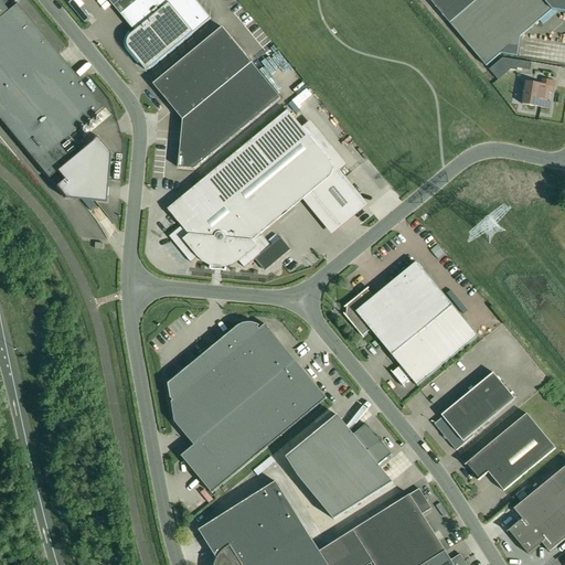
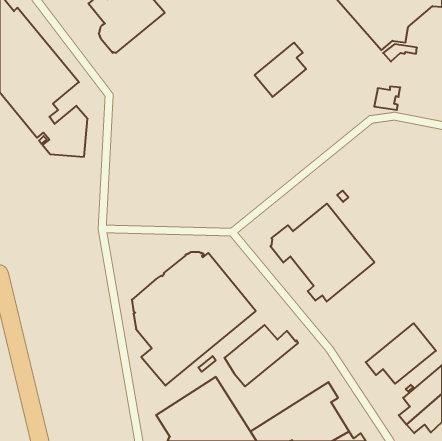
building: [152,25,279,167] -> none
building: none -> [255,43,306,97]
building: [521,77,554,107] -> [374,87,400,110]
building: [167,108,365,268] -> none
building: [434,371,514,448] -> none
building: [312,437,392,518] -> none

